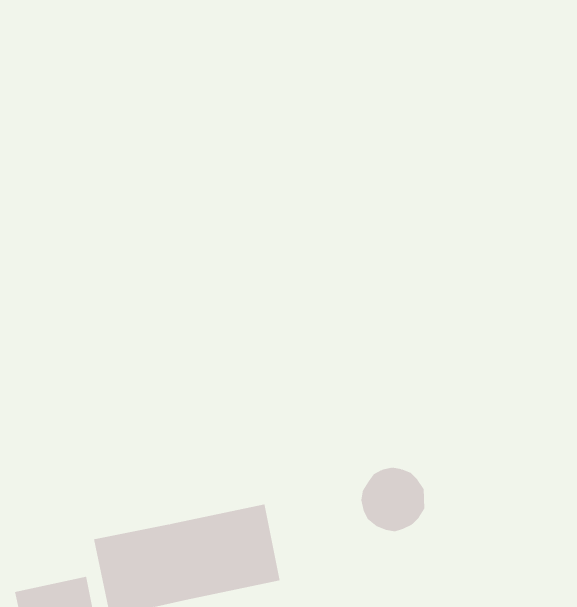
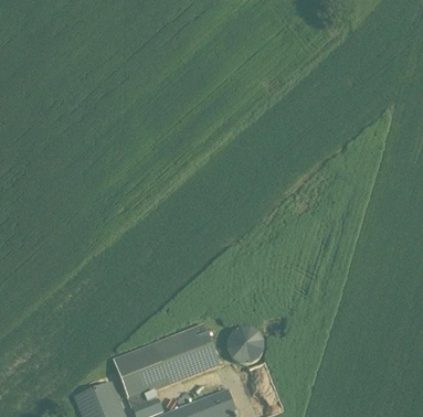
building: [361,467,425,532] -> [228,328,264,363]

